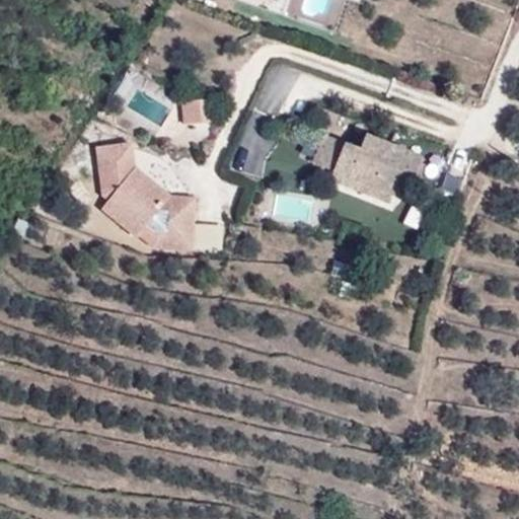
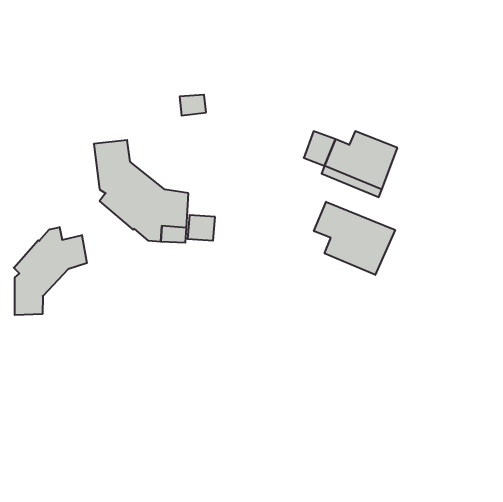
building: none -> [314,202,395,275]
building: none -> [14,227,87,315]

